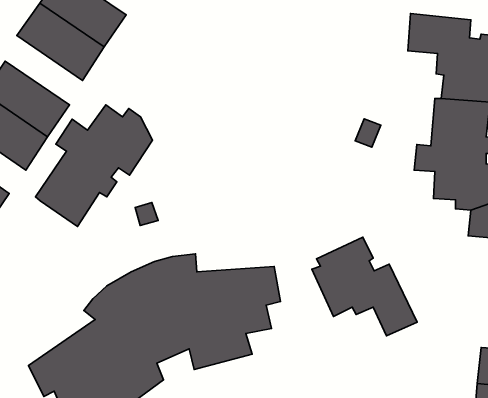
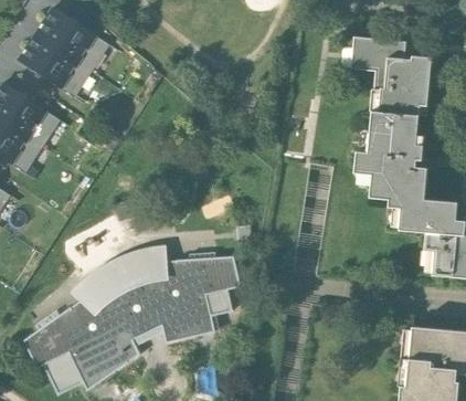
building: [35,105,152,226] -> none
building: [312,237,417,336] -> none

